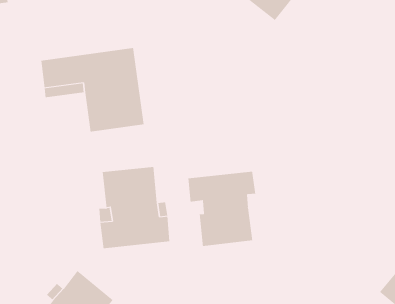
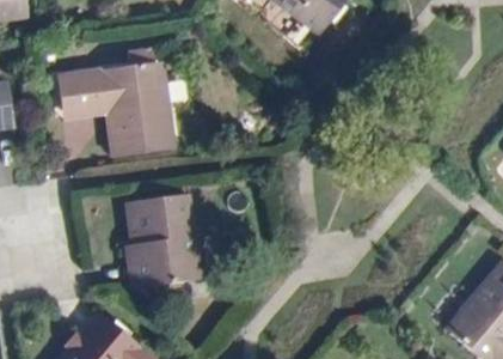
building: [188,171,256,247] -> none

